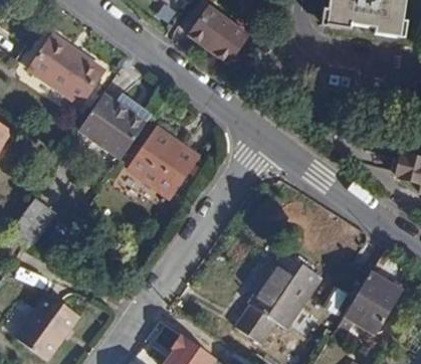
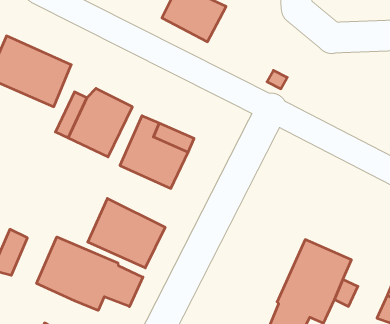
building: none -> [88,198,165,268]
building: none -> [37,237,143,310]

